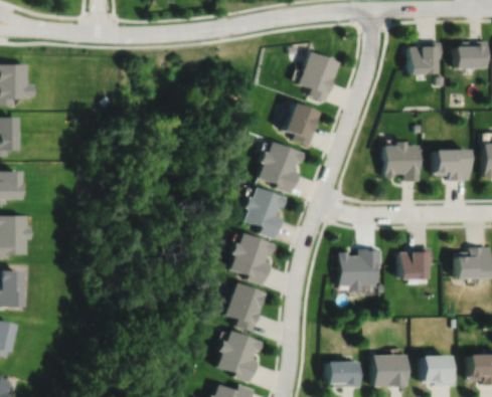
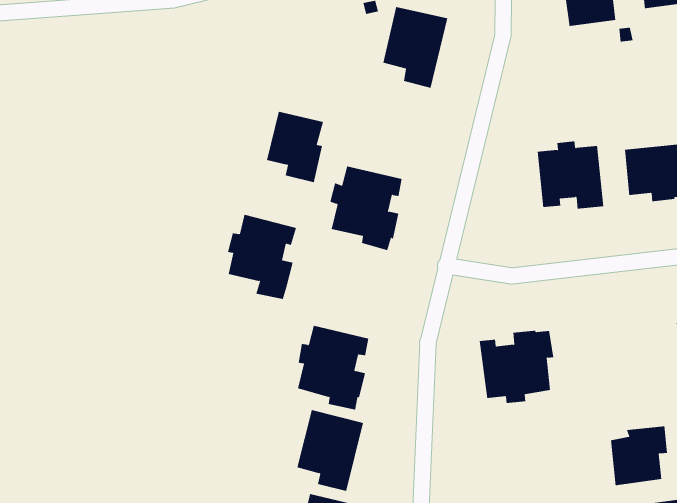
building: [282,102,318,146] -> [266,111,324,183]
building: [242,187,286,239] -> [227,214,297,299]
building: [399,248,433,280] -> [610,426,668,486]

